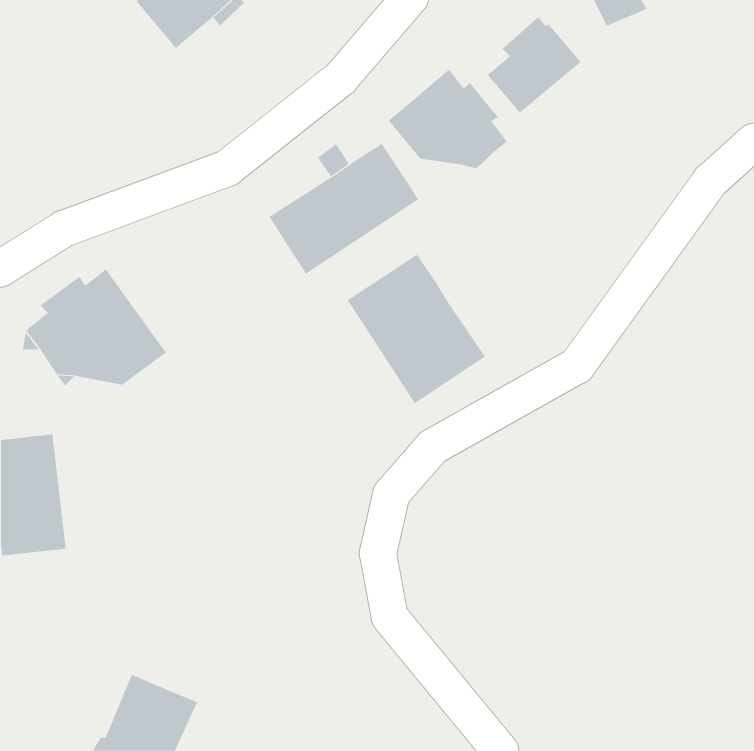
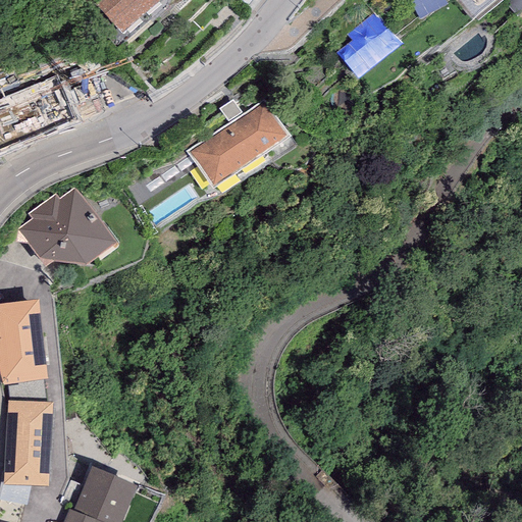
building: [388,69,508,169] -> none
building: [347,254,486,404] -> none
building: none -> [4,401,53,487]

